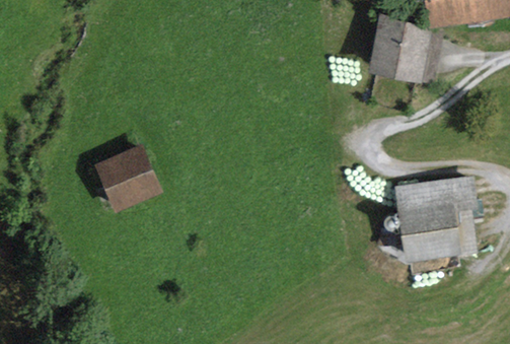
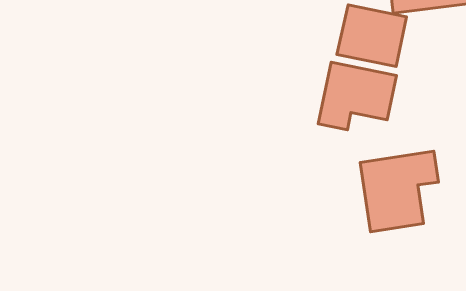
building: none -> [318,62,397,130]
building: [95,146,163,212] -> none

